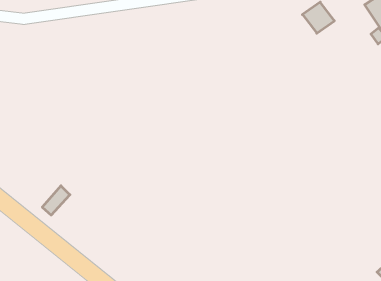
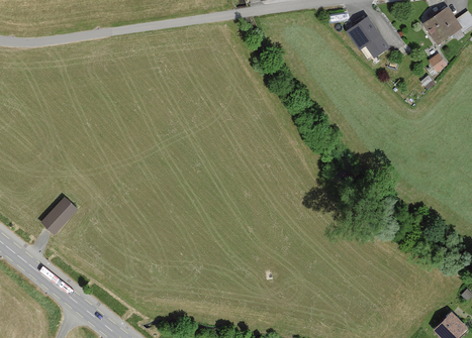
building: [42,186,70,215] -> [44,196,76,229]

